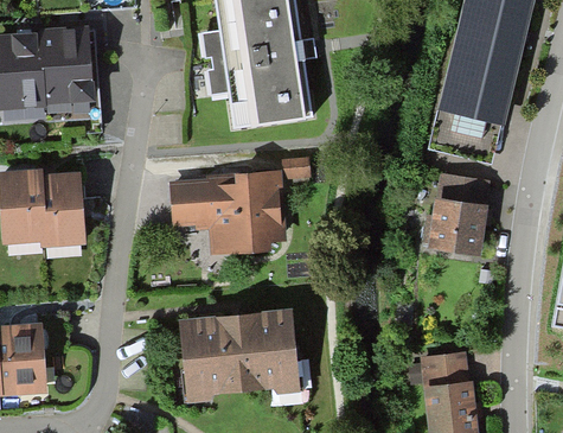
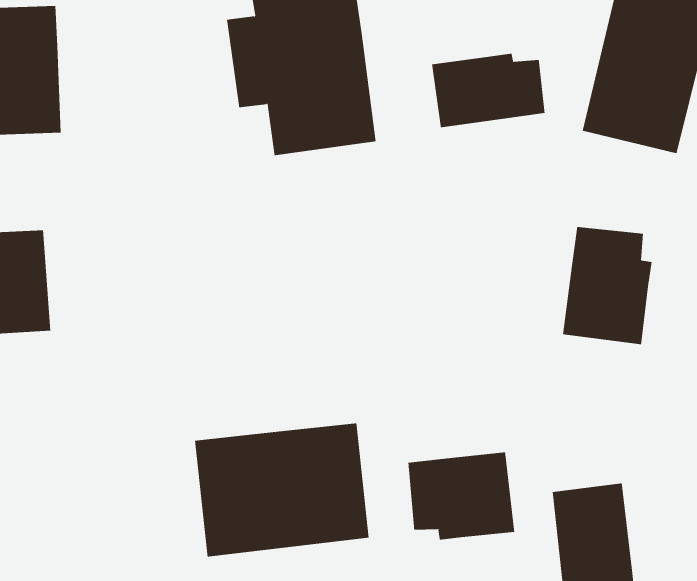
building: none -> [431,53,545,128]
building: [168,168,287,250] -> none
building: none -> [408,451,515,540]

